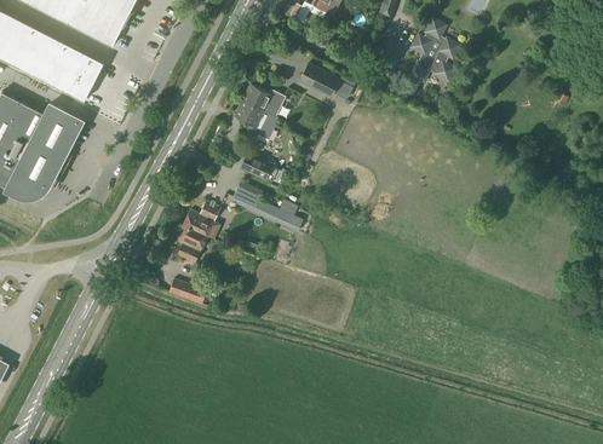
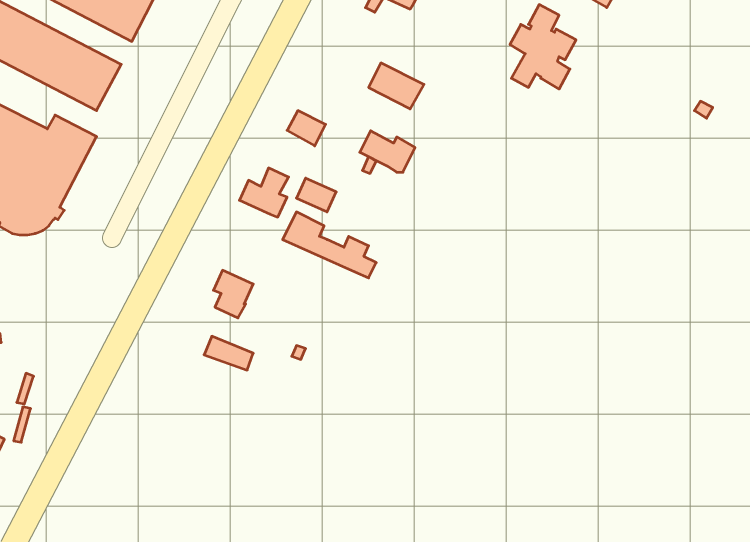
building: [242,83,286,116] -> [360,131,415,172]
building: [183,201,222,240] -> [239,168,289,217]

